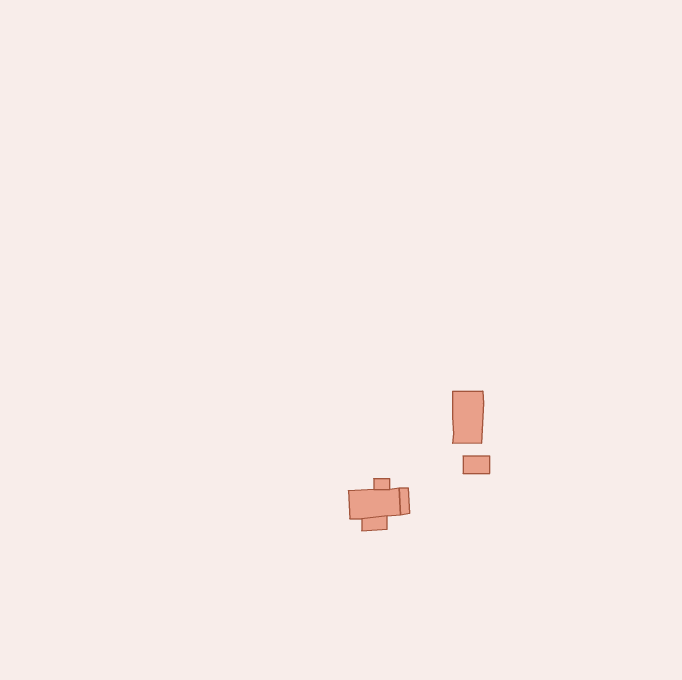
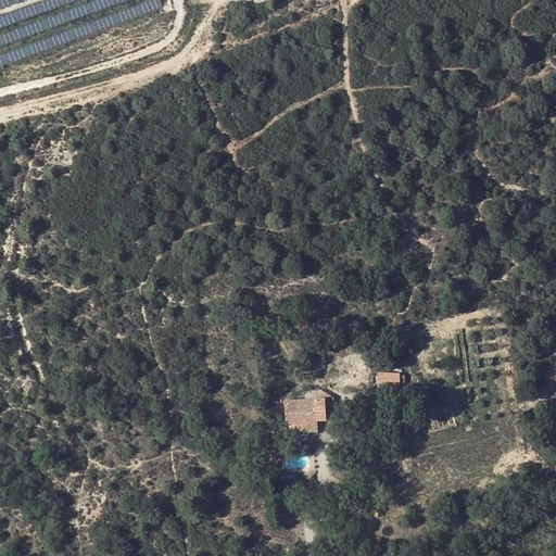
building: [453,391,483,443] -> none

